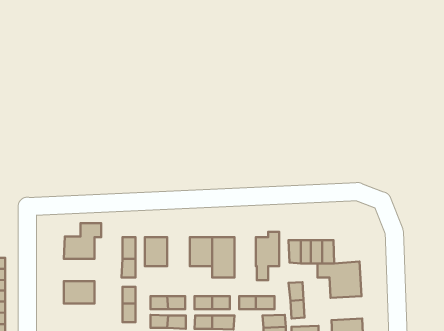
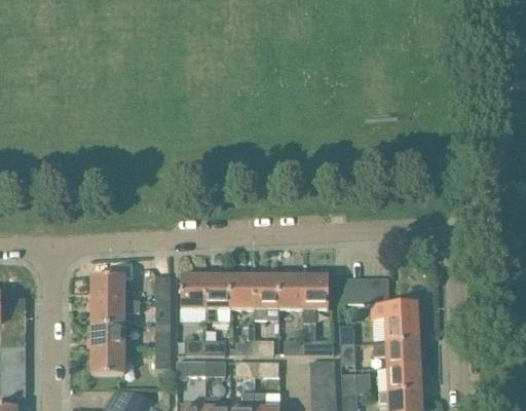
building: none -> [204,275,229,321]
building: none -> [278,275,302,307]
building: none -> [90,299,140,324]
building: none -> [373,340,419,367]
building: none -> [90,348,124,373]

